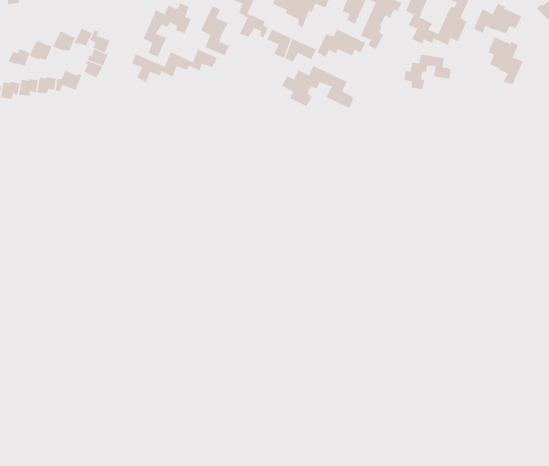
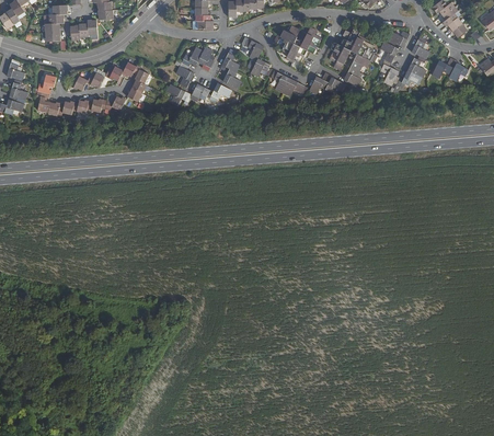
building: [488,36,523,85] -> none
building: [404,54,451,90] -> none
building: [281,65,354,109] -> none

